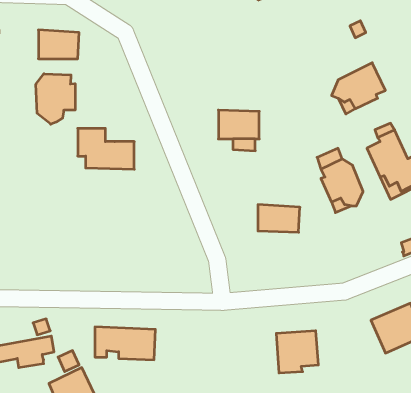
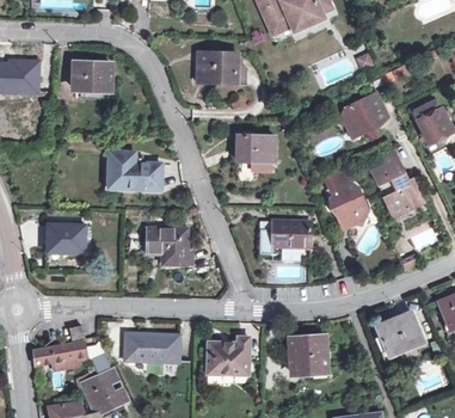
building: none -> [197,51,236,82]
building: [36,74,75,124] -> none
building: none -> [47,225,85,252]
building: none -> [148,228,192,266]
building: none -> [207,337,250,374]

